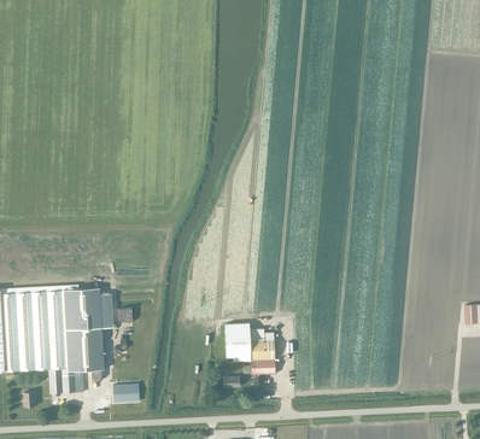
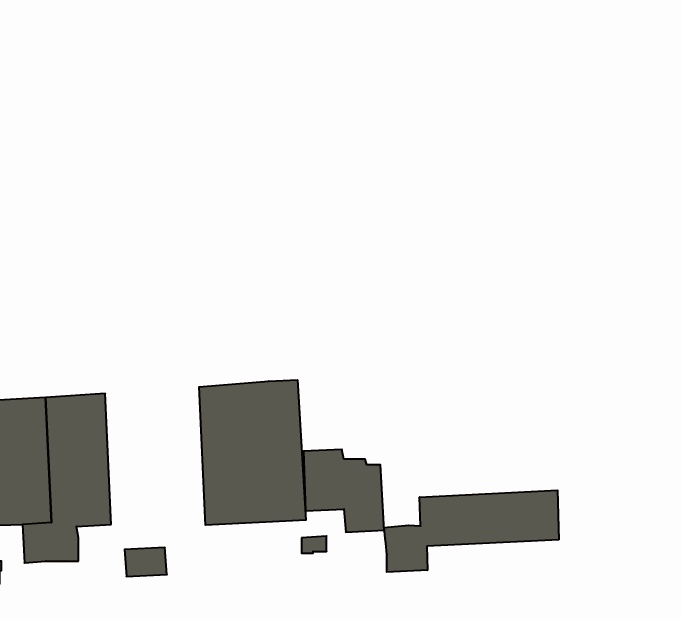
building: none -> [199,380,306,525]
building: none -> [384,490,559,572]

